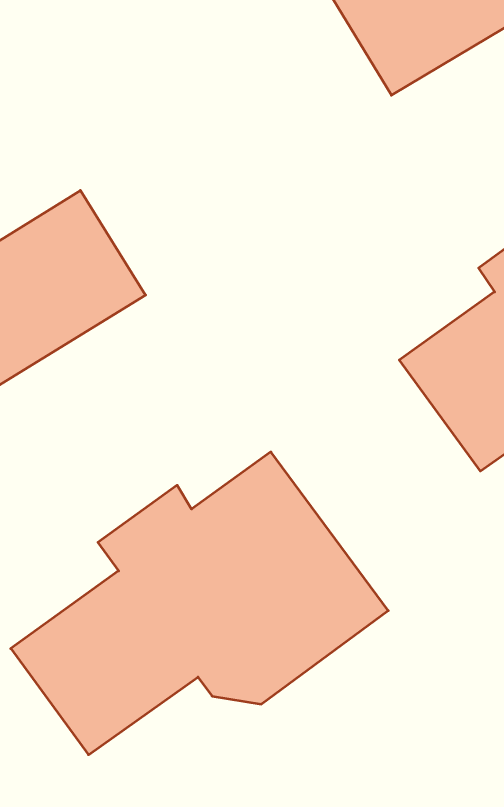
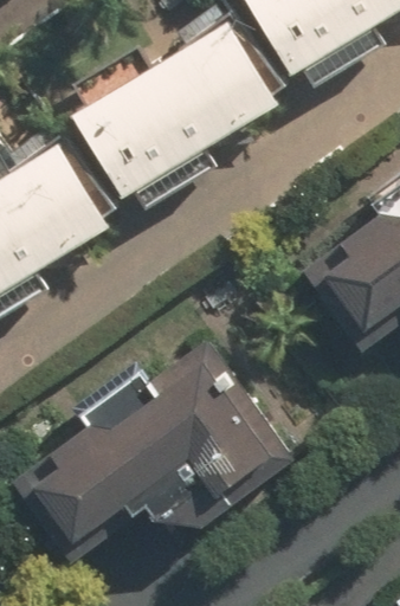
building: none -> [78,20,278,192]

